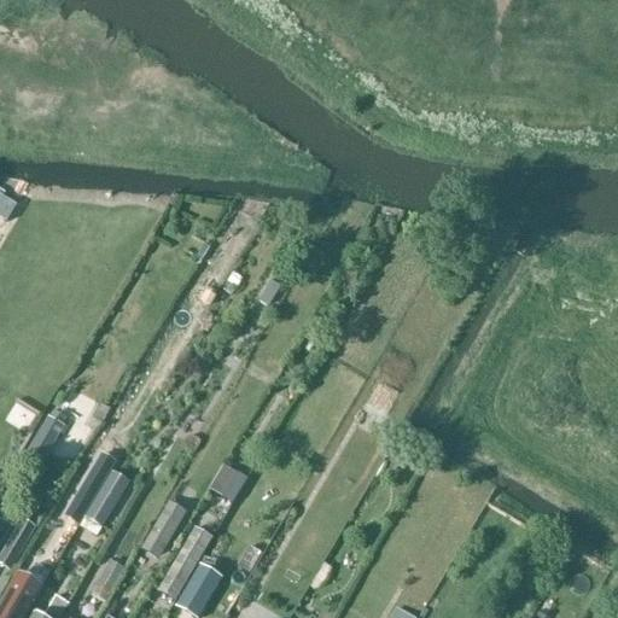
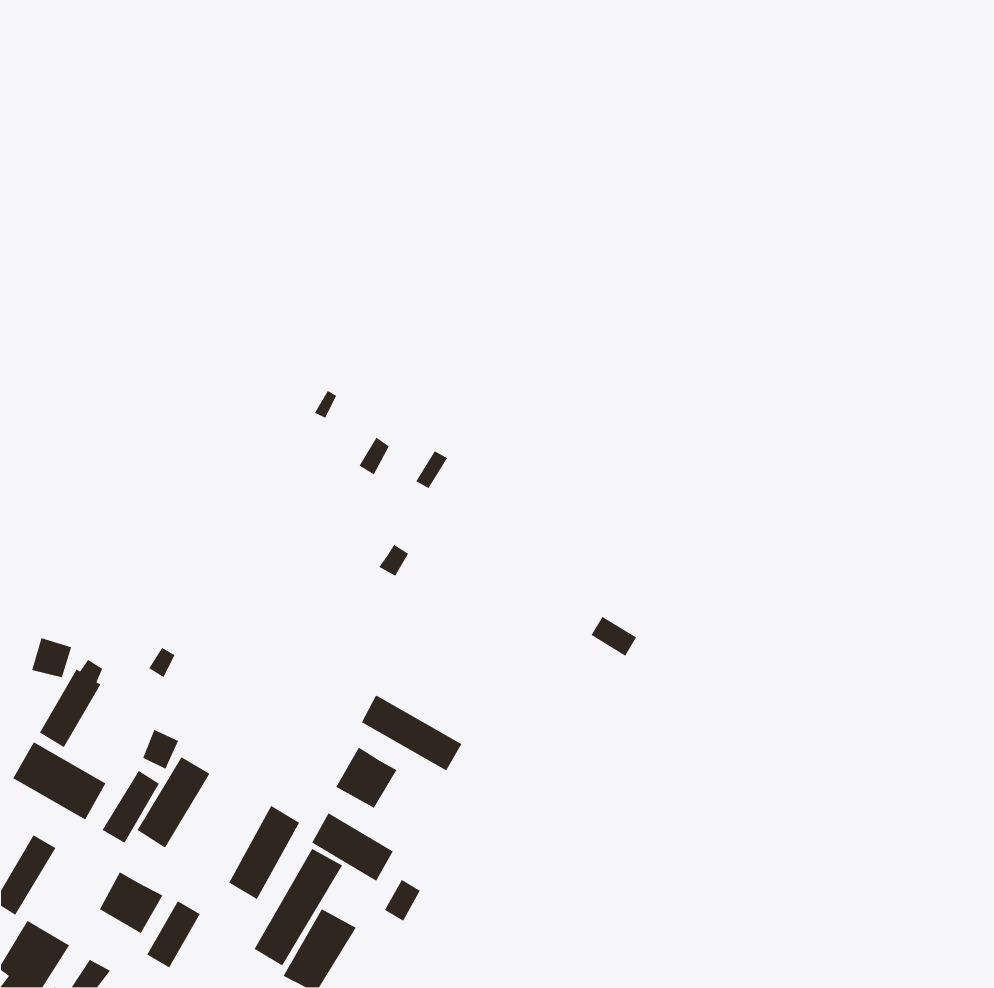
building: none -> [361,695,462,772]
building: none -> [12,741,106,820]
building: none -> [311,812,394,882]
building: none -> [99,871,163,934]

